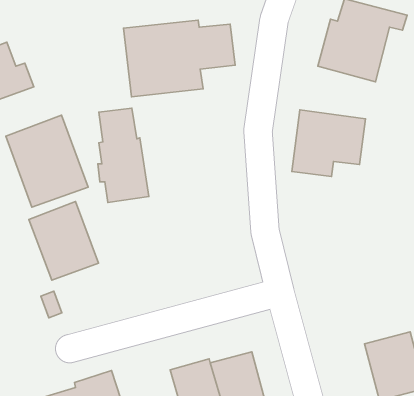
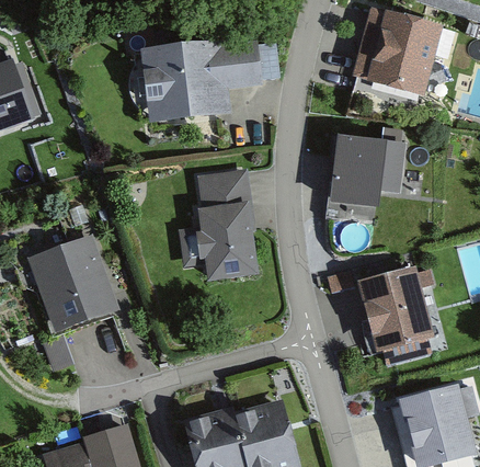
building: [98,108,149,203] -> [199,171,255,275]
building: [6,115,88,207] -> none
building: none -> [351,270,433,358]

